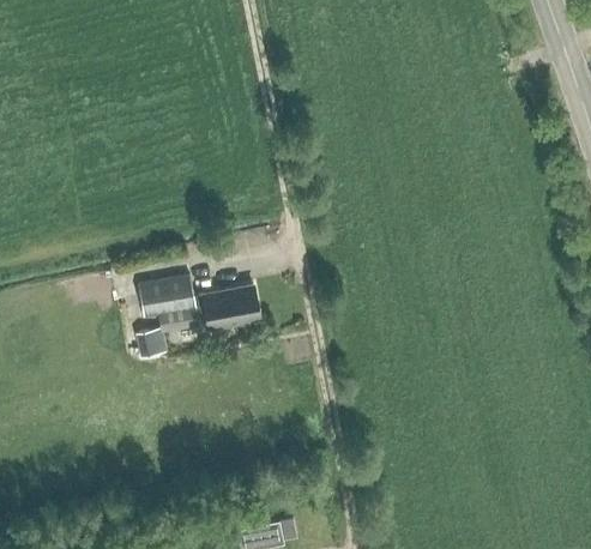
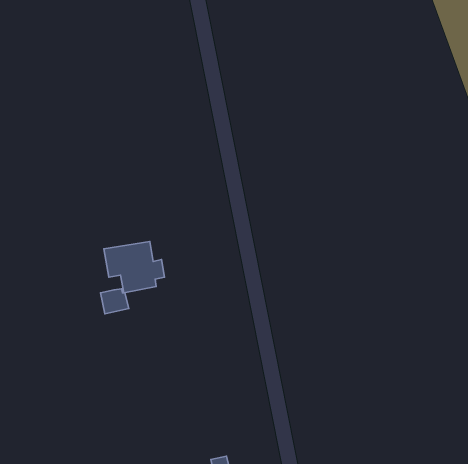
building: [204,286,260,330] -> none

